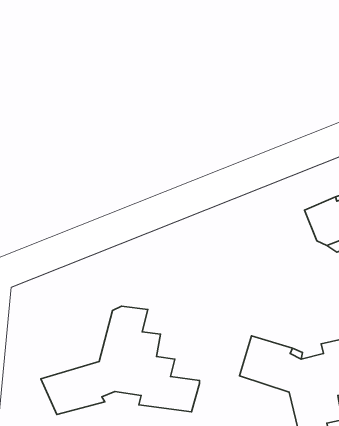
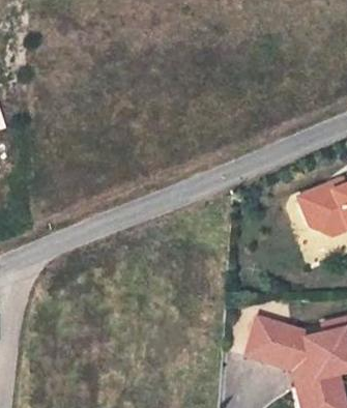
building: [41,306,199,415] -> none

